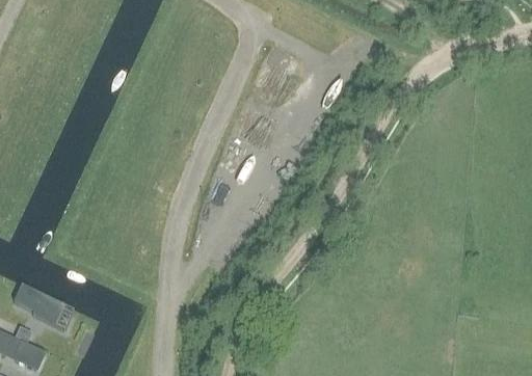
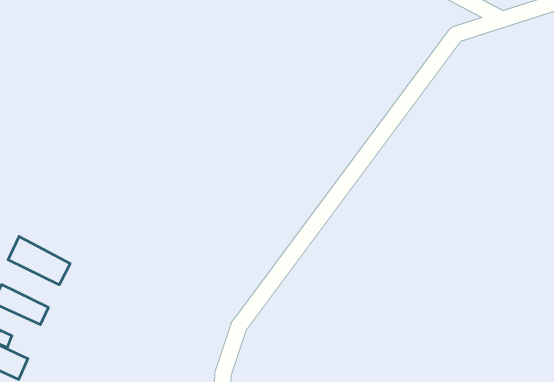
building: none -> [8,236,70,285]

